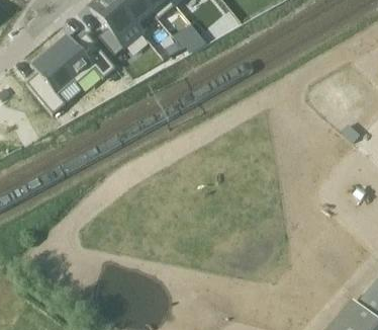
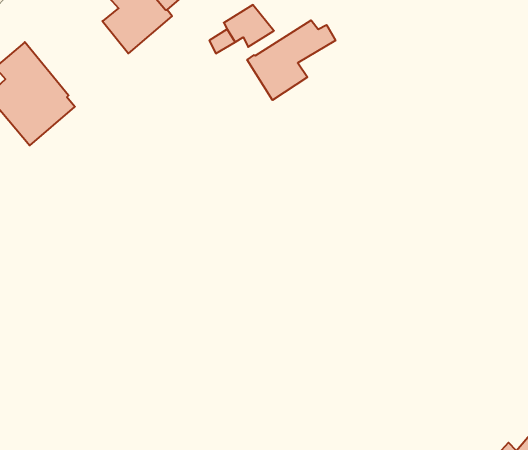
building: [50,31,115,81] -> none
building: none -> [247,20,335,100]

